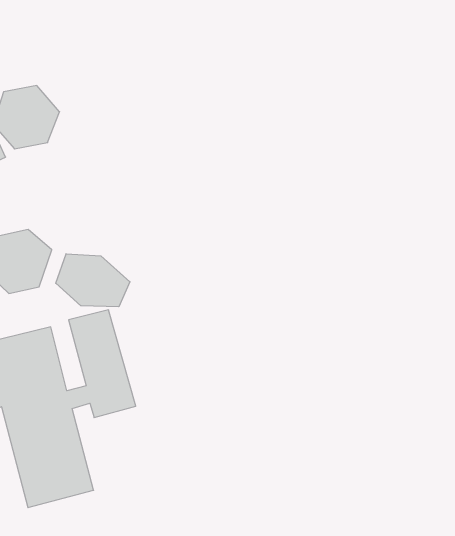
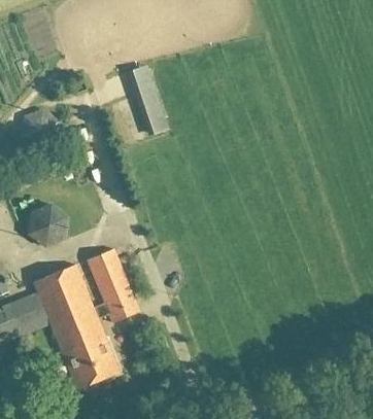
building: none -> [128,64,170,135]
building: [56,254,130,307] -> none

